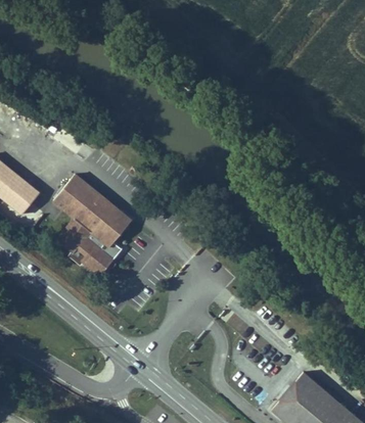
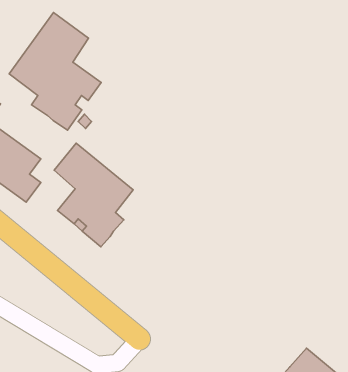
building: none -> [9,13,101,130]

